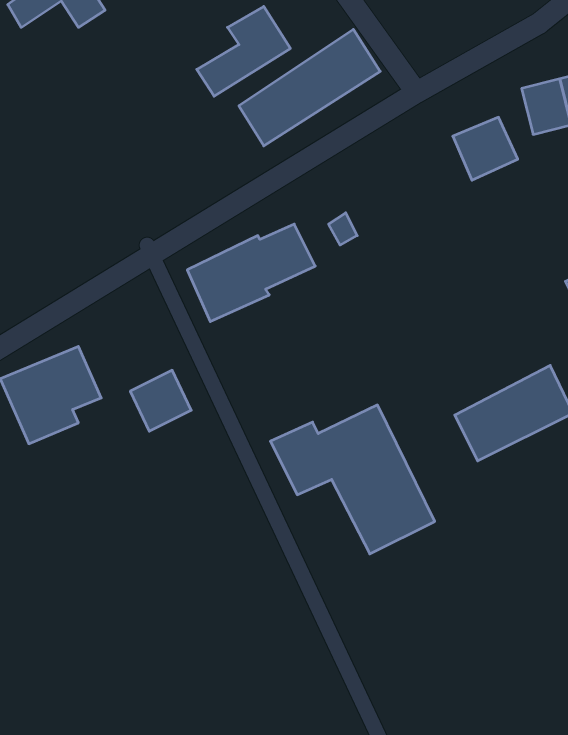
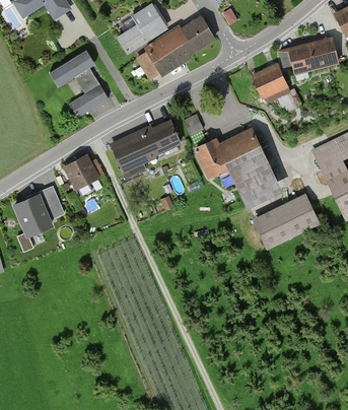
building: none -> [45,48,108,117]
building: [130,370,191,431] -> [65,154,97,187]
building: [270,405,435,554] -> [193,130,280,209]

